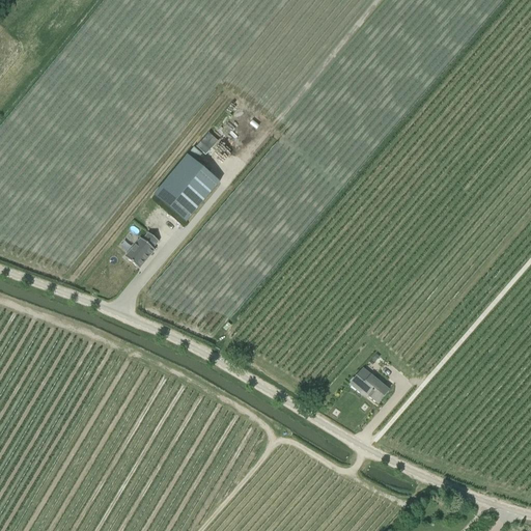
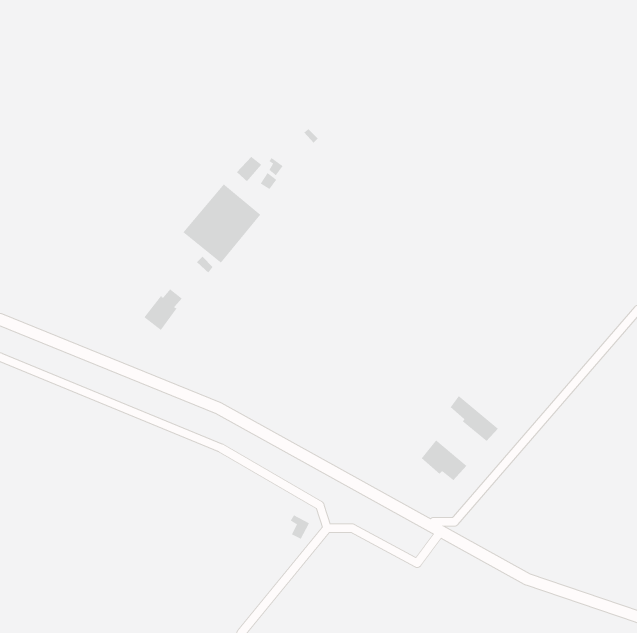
building: none -> [450,395,499,442]

